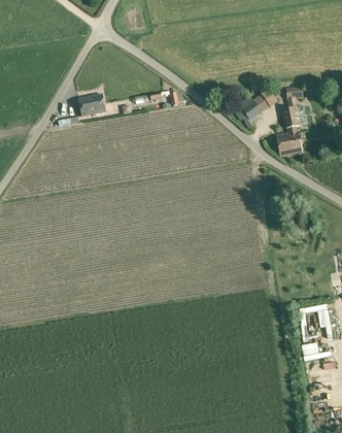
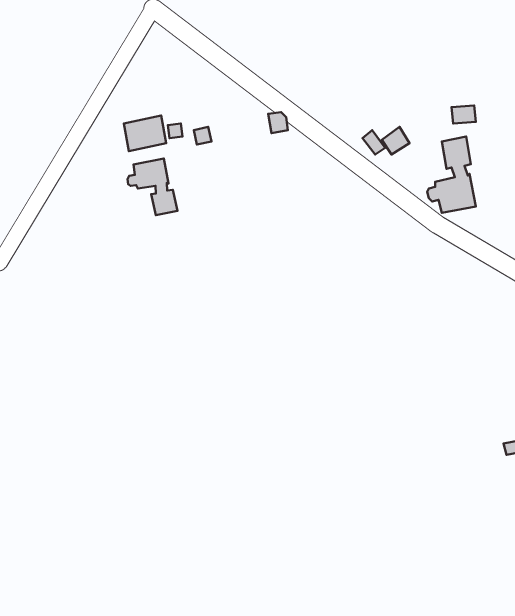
building: none -> [127,158,178,215]

